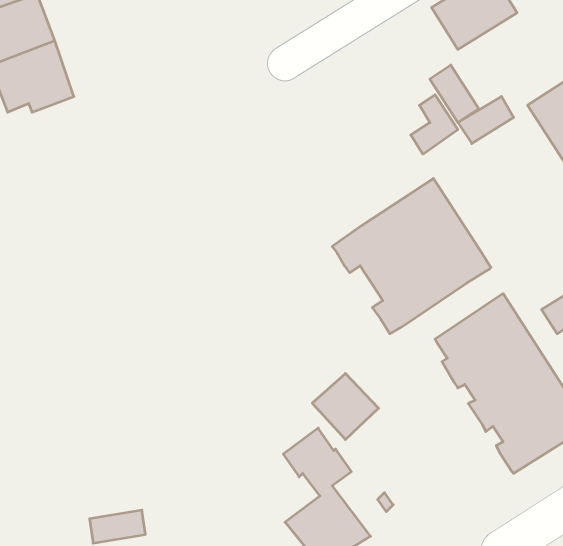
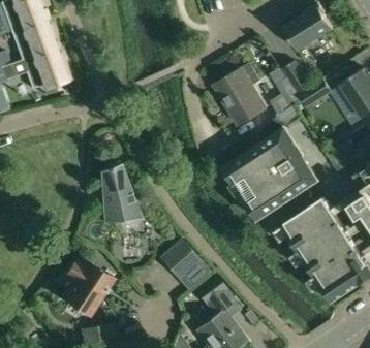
building: none -> [216,64,266,125]
building: none -> [101,162,143,222]
building: [312,373,379,440] -> [161,241,201,280]
building: none -> [64,259,115,316]

